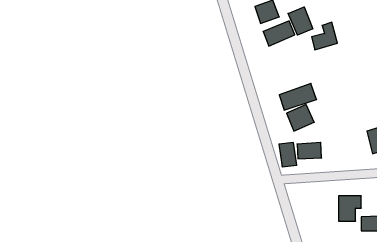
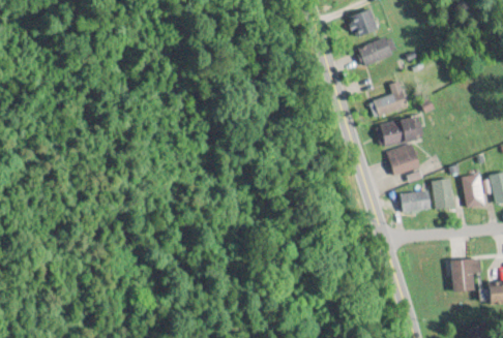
building: [288,7,313,35] -> none
building: [312,22,337,50] -> [375,81,408,116]
building: none -> [461,174,484,207]
building: [279,143,297,167] -> [432,178,454,209]

